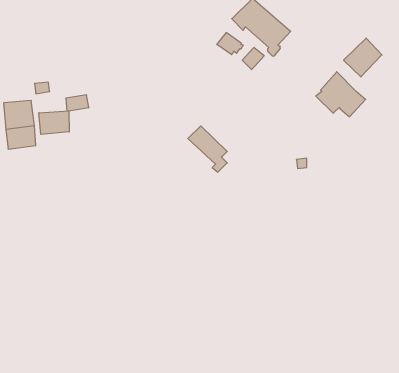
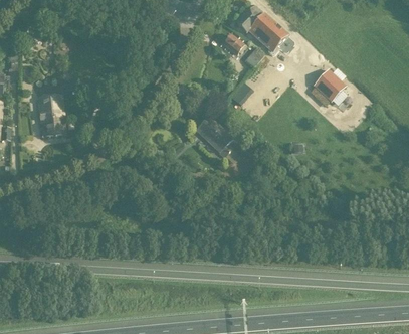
building: [344,38,382,77] -> none
building: [39,111,69,134] -> none

